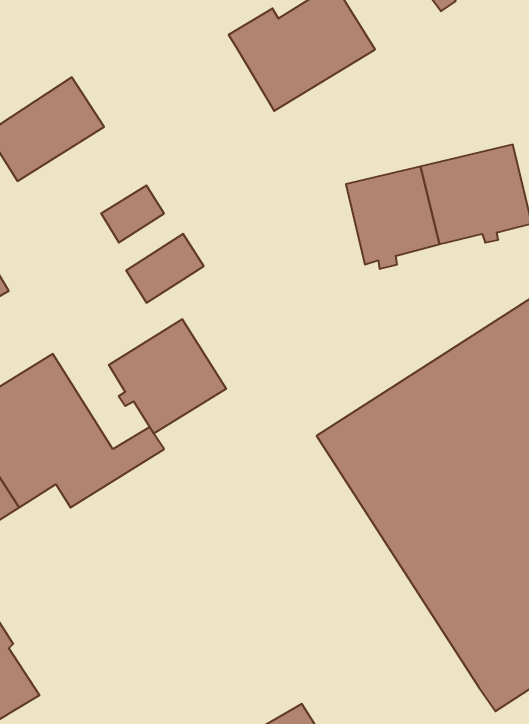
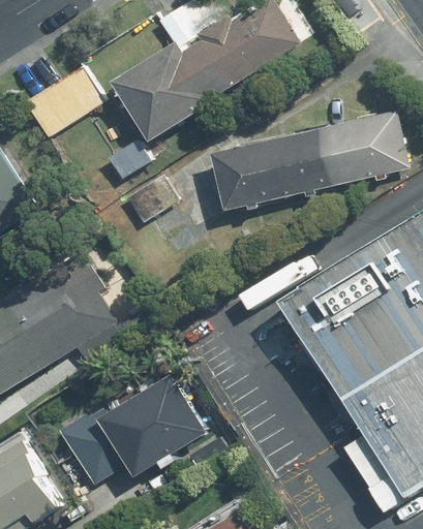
building: none -> [111,40,229,142]
building: none -> [211,137,293,210]
building: [109,319,226,434] -> none
building: none -> [55,374,206,486]

